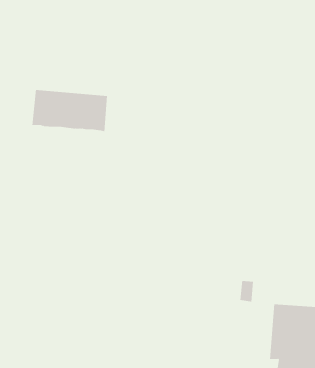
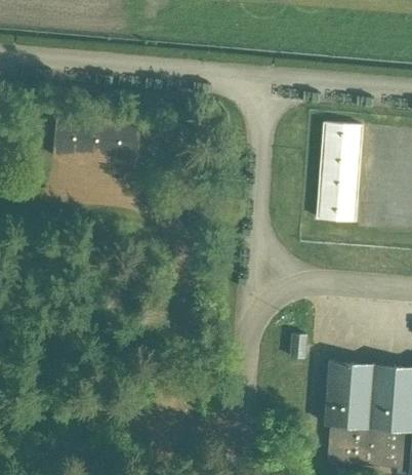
building: none -> [317,123,361,222]

